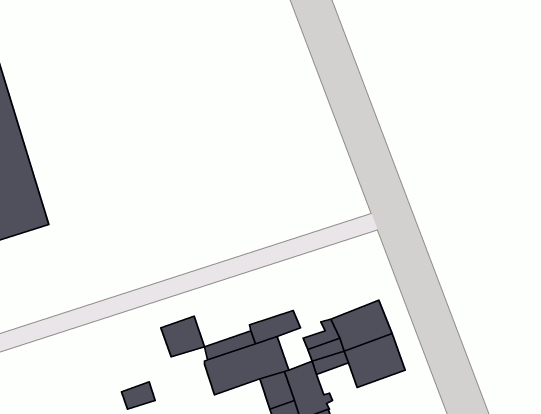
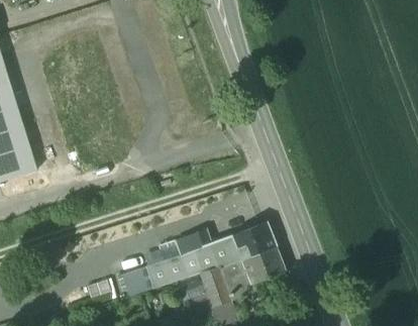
building: [161,316,204,357] -> [121,266,151,295]
building: none -> [195,237,228,270]

